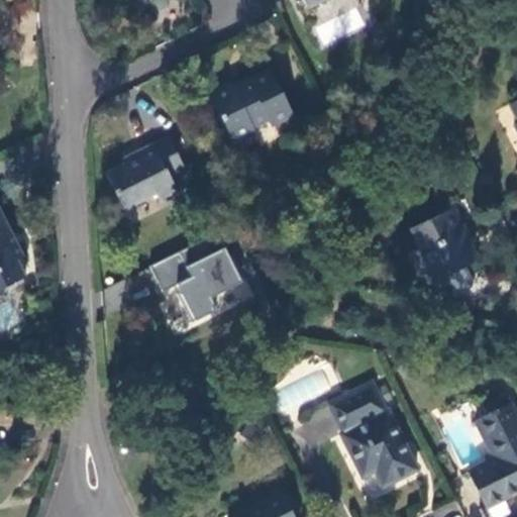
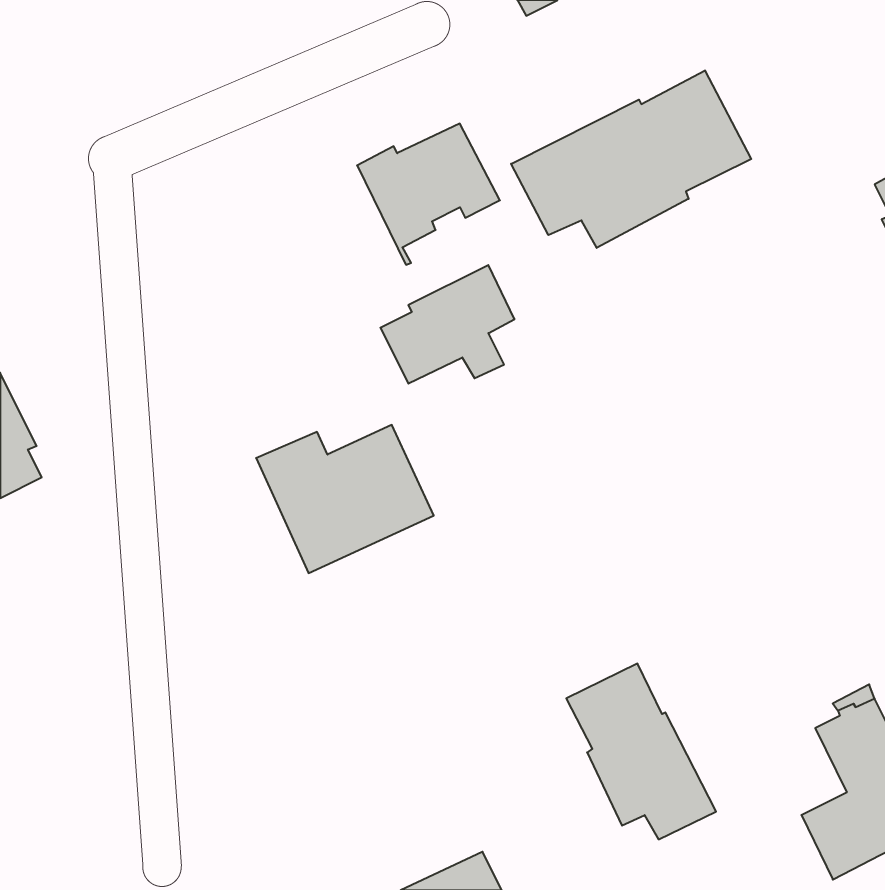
building: none -> [511,70,751,248]
building: [107,138,185,207] -> [380,265,515,384]
building: [411,211,480,278] -> none

